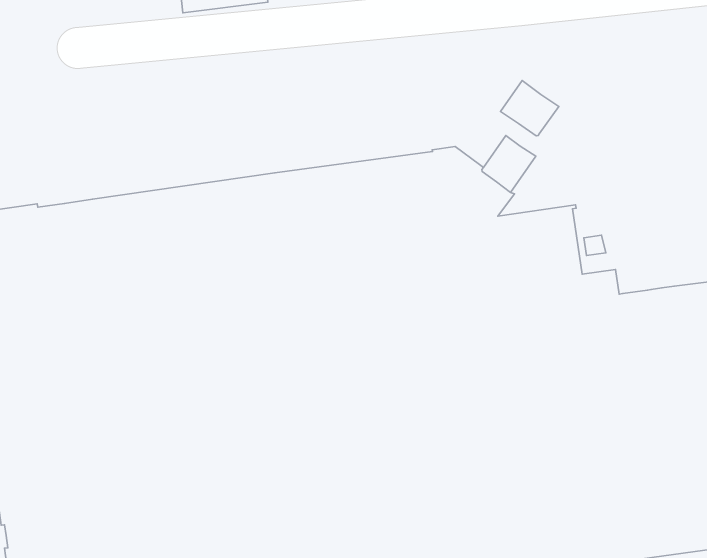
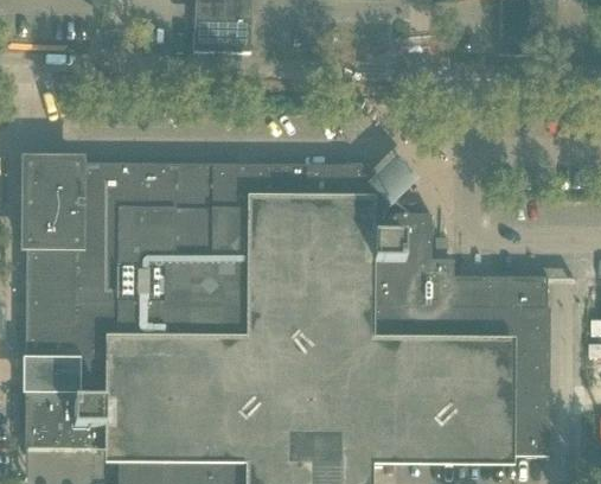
building: [500,81,559,136] -> none

